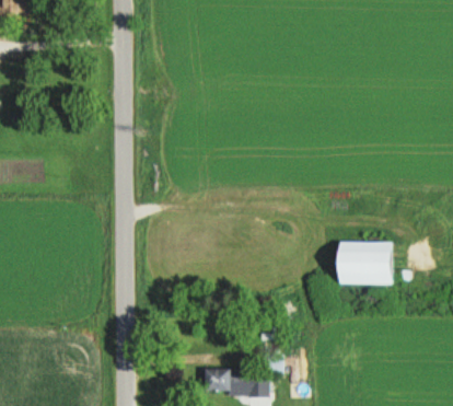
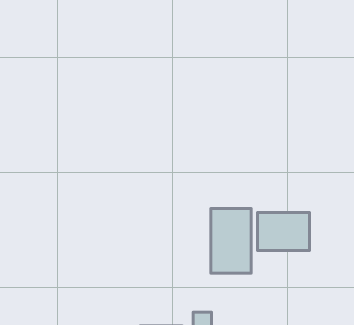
building: none -> [211,208,251,273]

